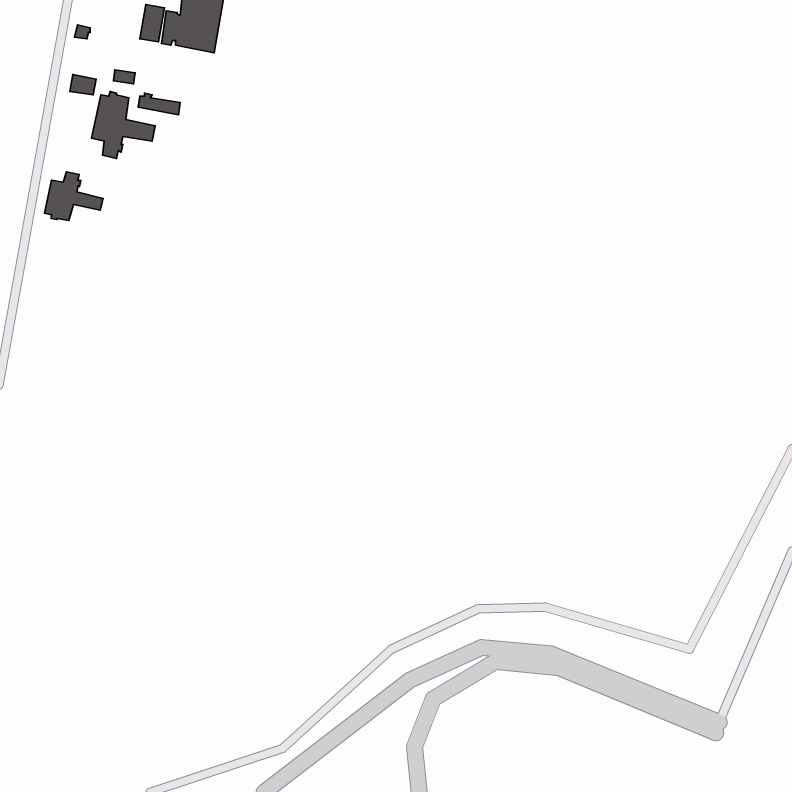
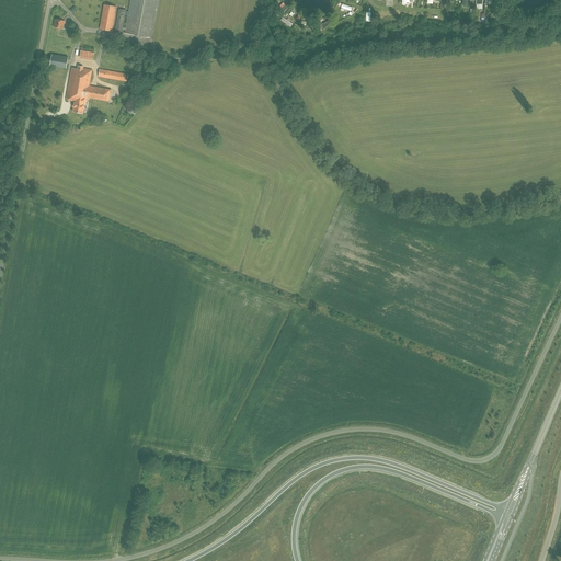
building: [45,172,103,221] -> none

